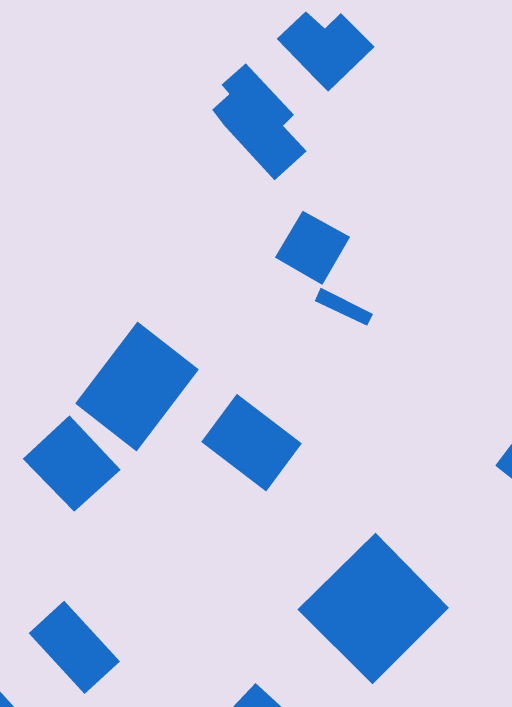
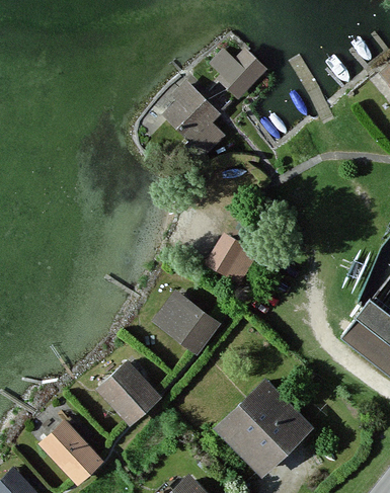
building: [274,210,351,286] -> [208,234,257,282]
building: [74,321,200,453] -> none
building: [22,414,122,512] -> [96,361,160,424]

